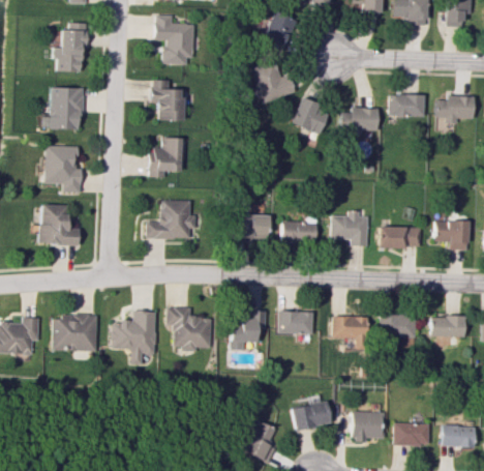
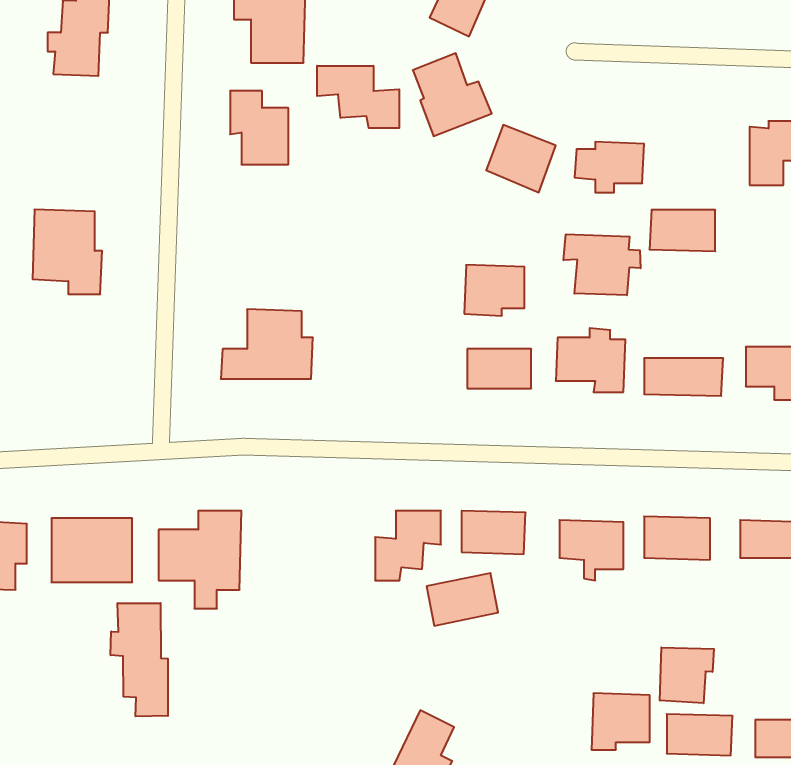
building: none -> [317,66,399,128]
building: [39,87,82,129] -> none
building: [390,94,426,117] -> [649,210,715,251]
building: [149,137,183,177] -> none
building: none -> [564,234,641,295]
building: [40,204,80,245] -> none
building: [237,214,270,242] -> [464,265,524,316]
building: [168,307,213,351] -> none
building: none -> [111,603,168,716]
building: none -> [660,647,714,703]
building: [291,401,330,430] -> [427,573,498,626]

